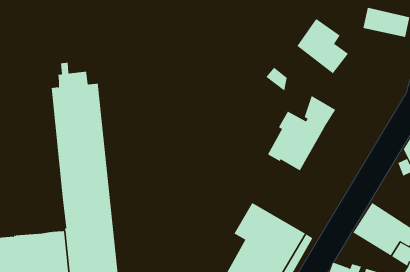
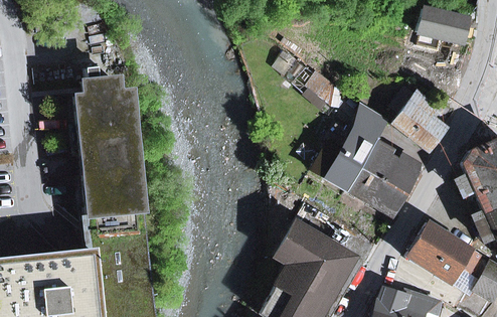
building: [297,18,349,74] -> [386,88,444,149]
building: none -> [349,140,422,212]

